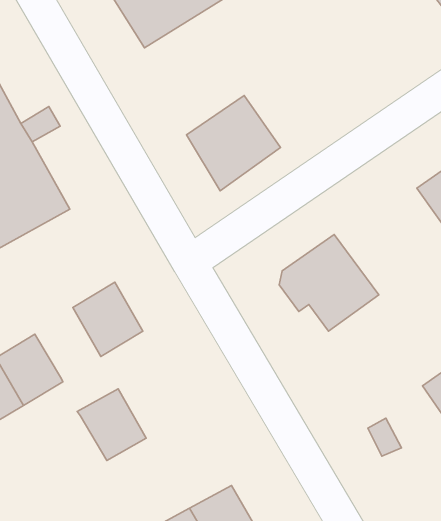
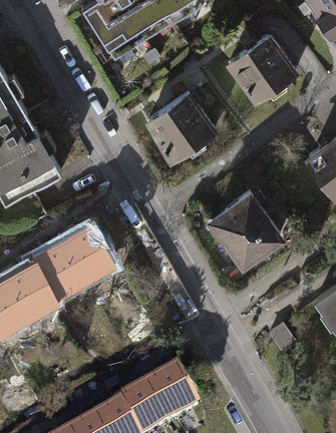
building: none -> [226,36,292,102]
building: [77,389,146,460] -> [33,246,82,297]

